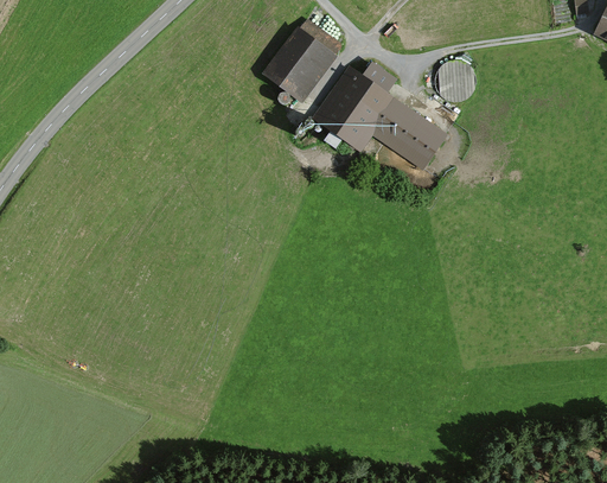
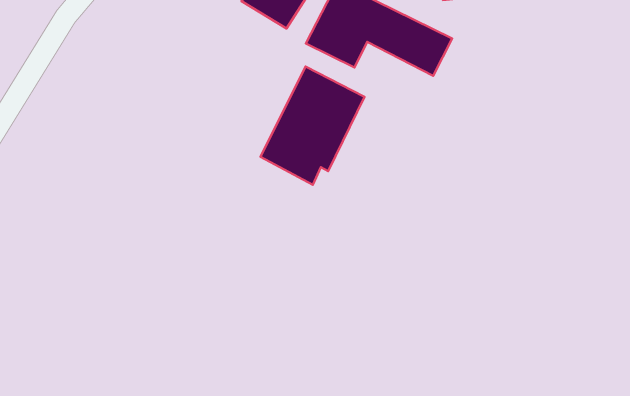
building: none -> [260,66,365,185]

